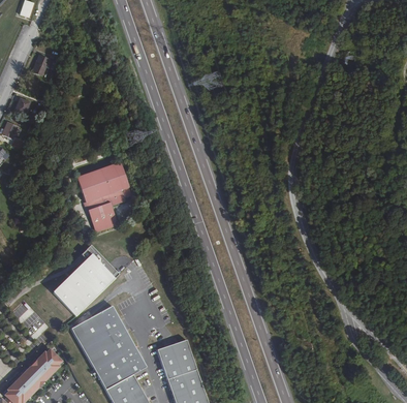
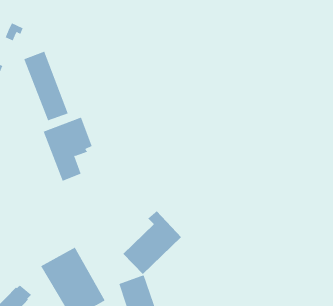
building: none -> [23,51,68,121]
building: [54,243,120,315] -> [123,210,182,275]

